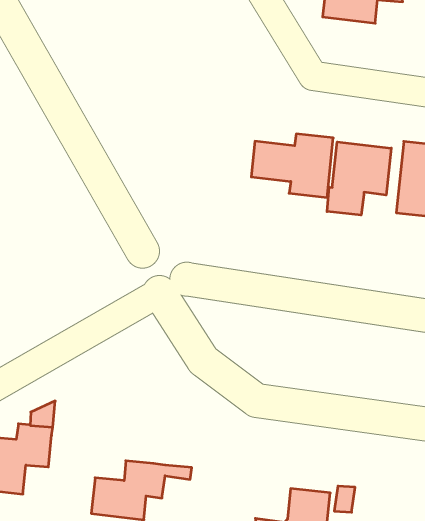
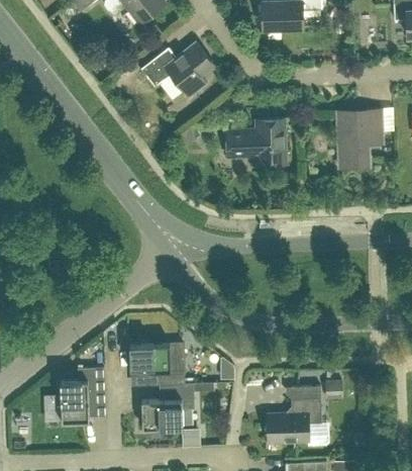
building: none -> [140,41,213,97]
building: [327,142,391,215] -> none
building: none -> [129,344,184,385]

